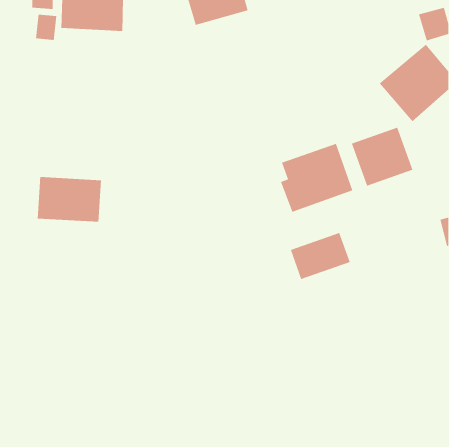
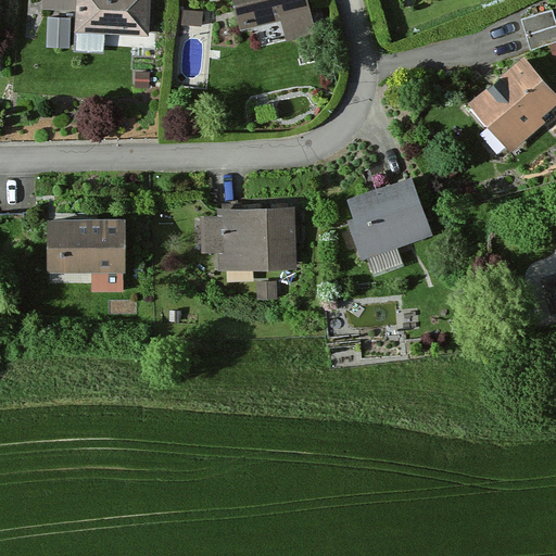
building: [351,127,413,186] -> none
building: none -> [199,210,296,270]
building: [290,232,351,280] -> none

